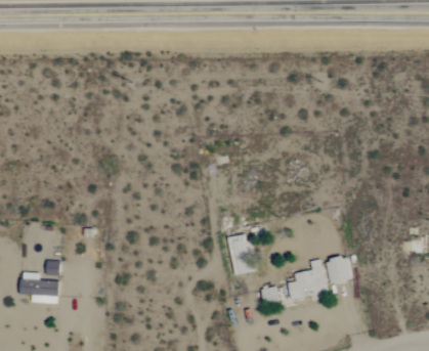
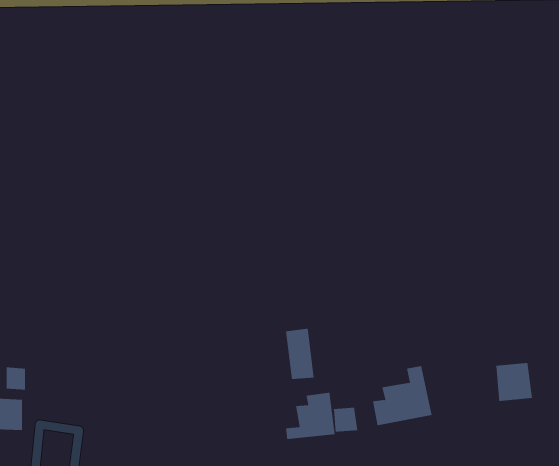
building: [328,257,352,282] -> [495,363,533,401]
building: none -> [285,392,335,440]

